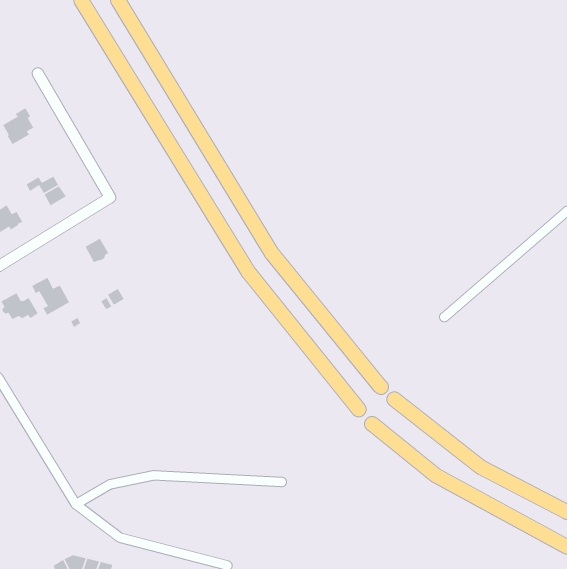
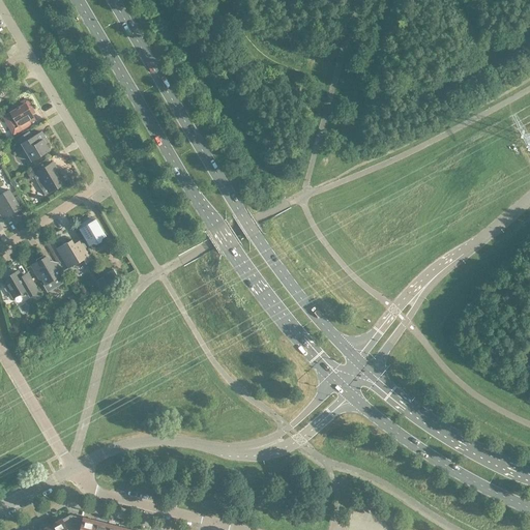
building: none -> [16,132,48,161]
building: none -> [54,240,90,269]

